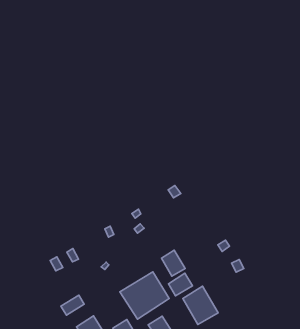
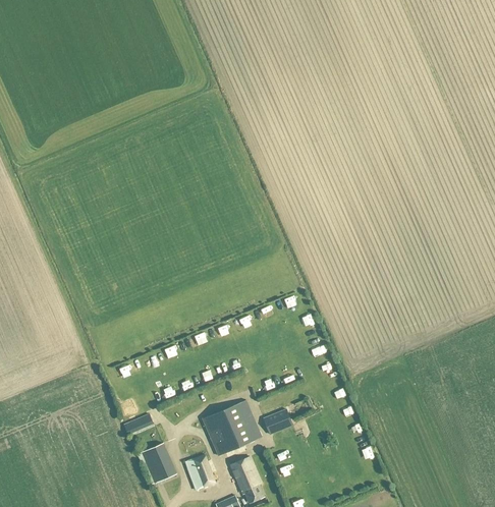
building: [161,250,185,276] -> none
building: [183,286,218,325] -> none

